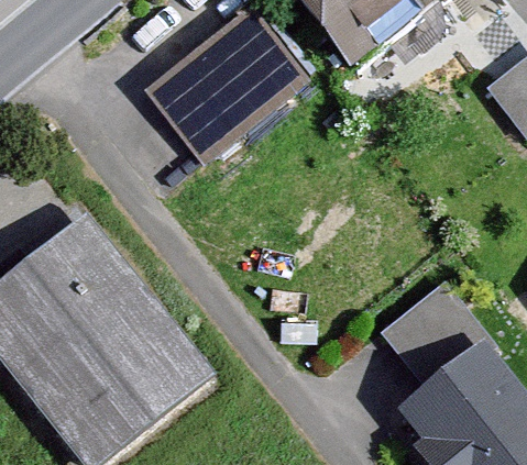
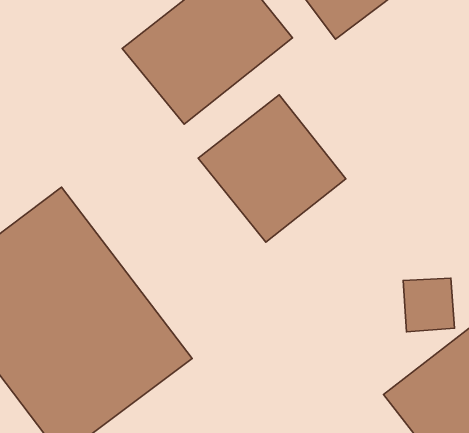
building: none -> [198,95,346,242]

